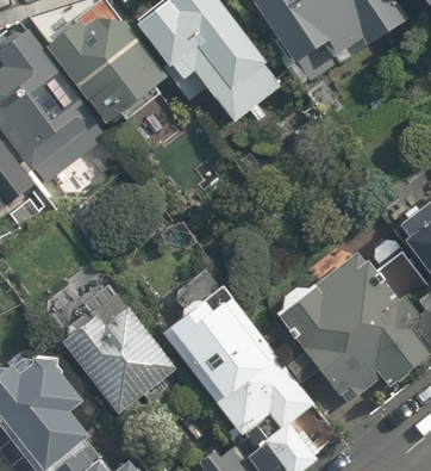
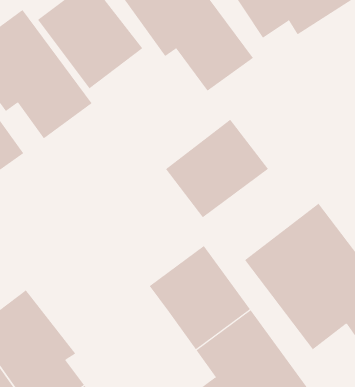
building: none -> [165,119,269,218]
building: [63,289,189,416] -> none

